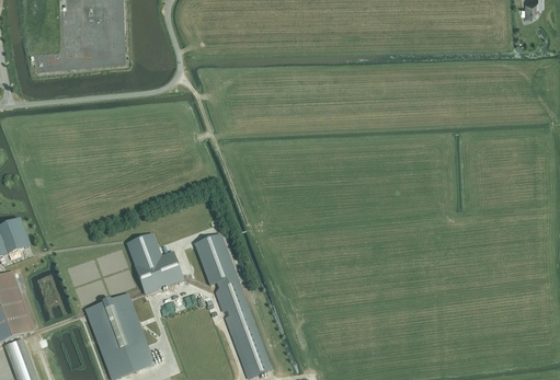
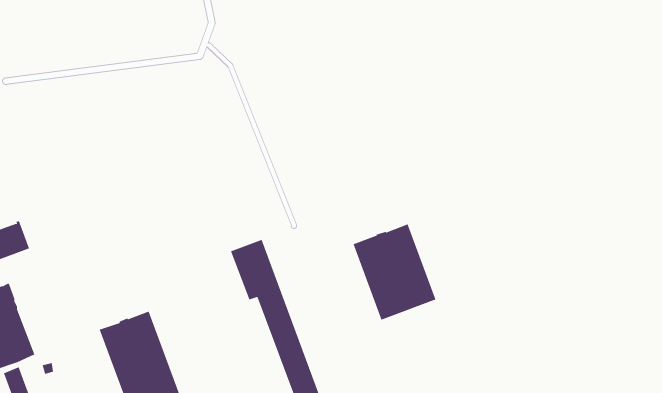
building: none -> [353,223,436,320]
building: [130,238,183,293] -> none

